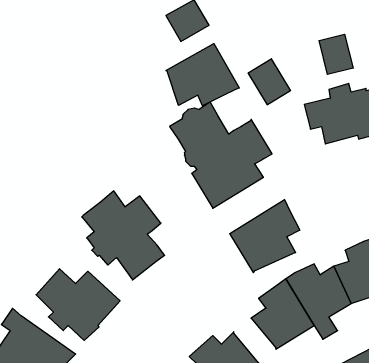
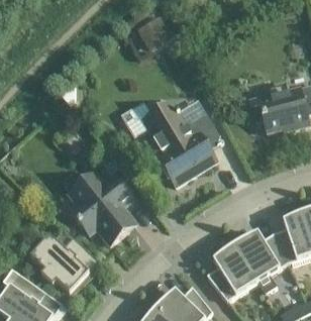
building: [319,34,353,74] -> none
building: [166,44,239,106] -> none
building: [248,59,290,105] -> none
building: [230,200,300,273] -> none

